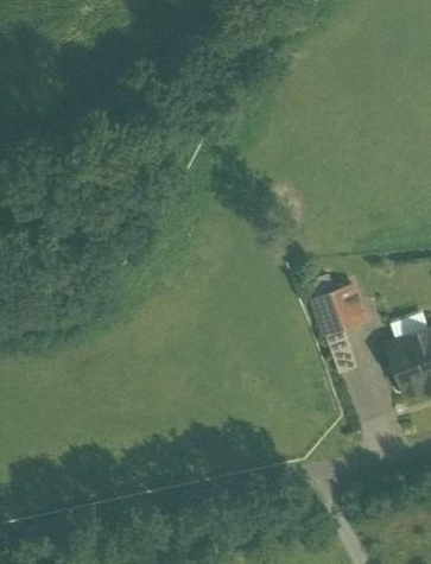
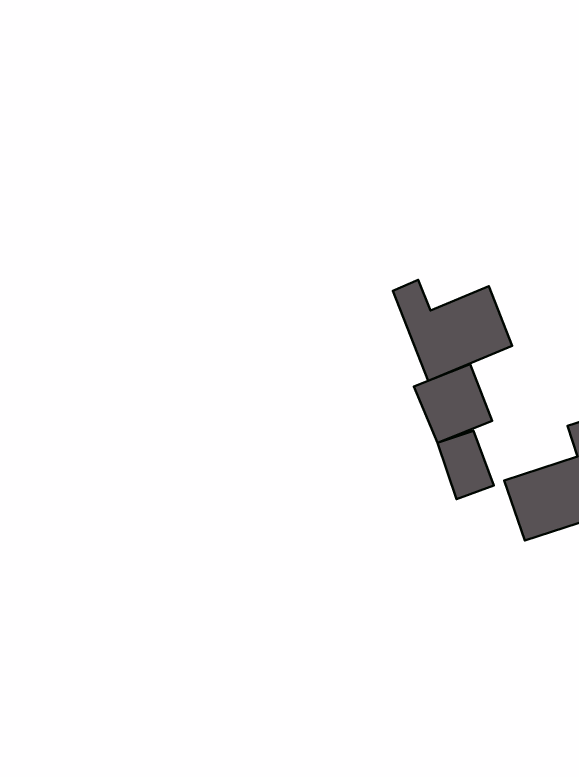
building: none -> [393,280,512,381]

